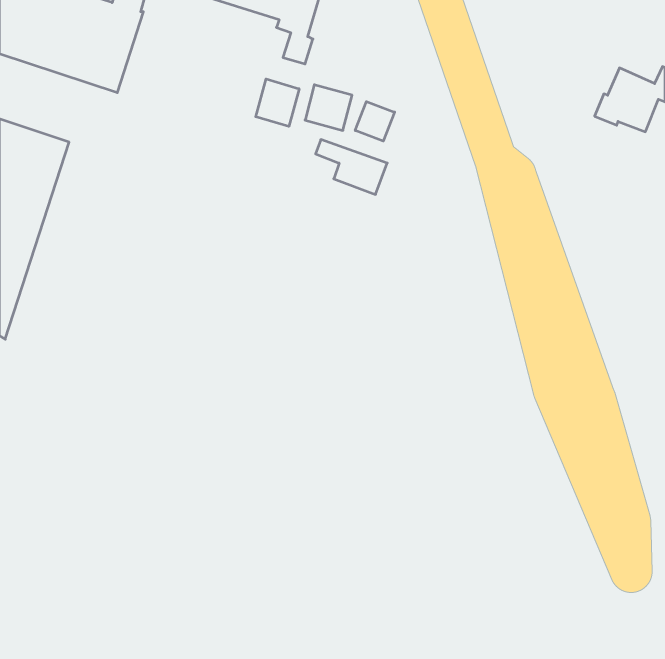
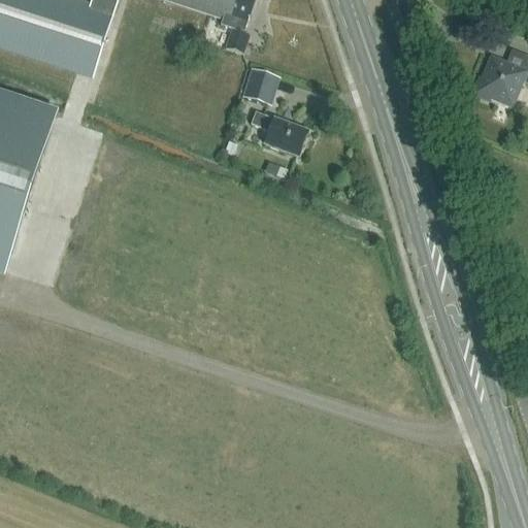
building: [256,79,299,126] -> none
building: [355,102,395,141] -> none

